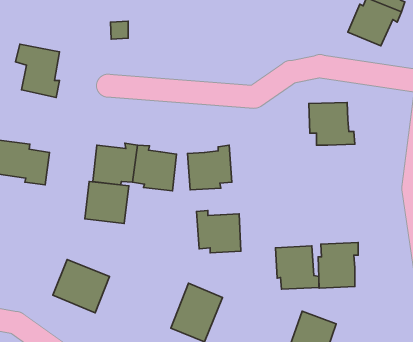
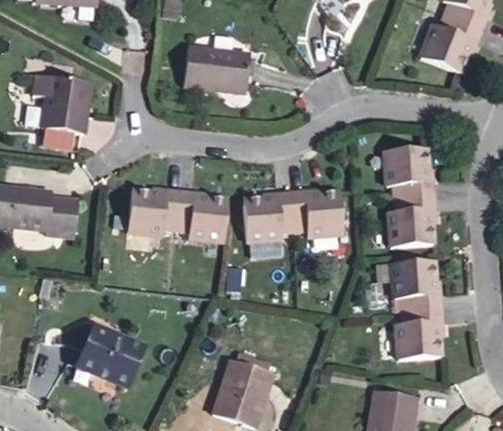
building: none -> [181,45,248,90]
building: none -> [380,190,430,241]
building: [85,182,129,224] -> none
building: [197,211,241,253] -> [282,190,334,240]
building: [276,246,319,289] -> [383,257,434,308]

